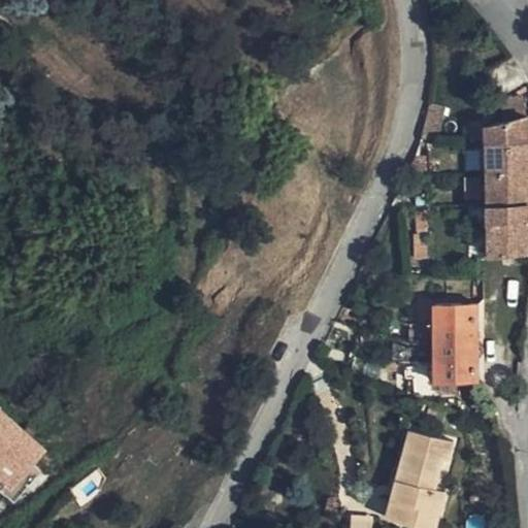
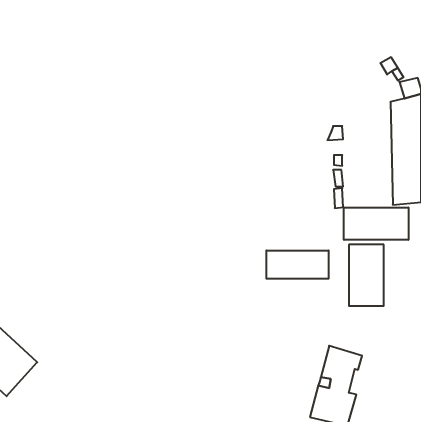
building: none -> [344,207,408,240]
building: none -> [266,250,329,279]

